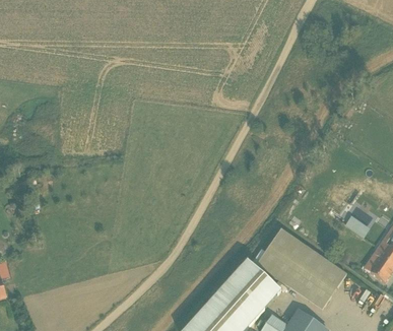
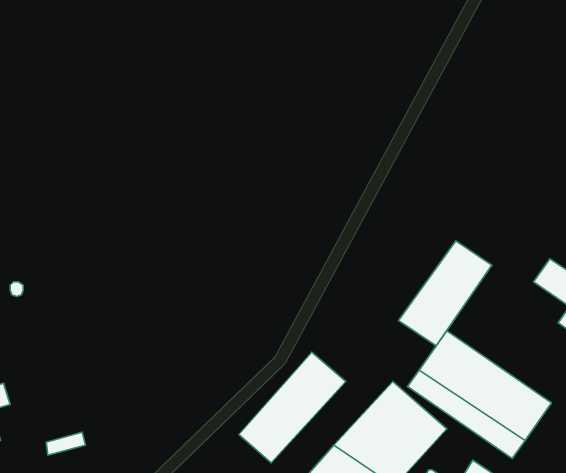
building: none -> [398,241,492,346]
building: none -> [239,352,346,463]

